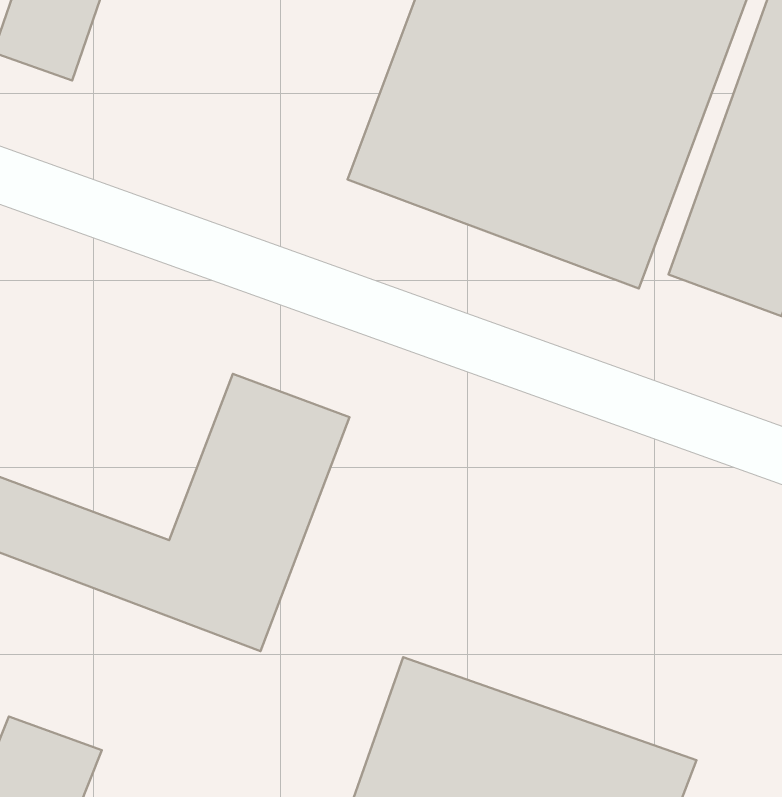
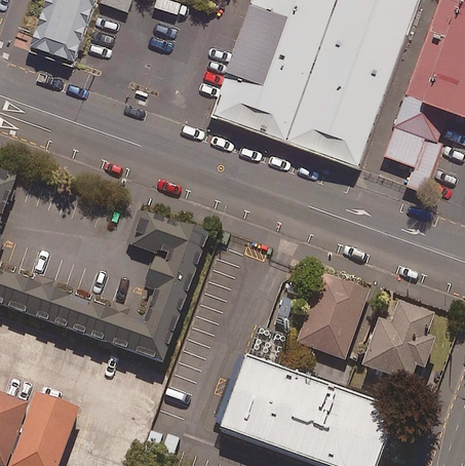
building: none -> [294,277,364,361]
building: none -> [356,306,430,385]

